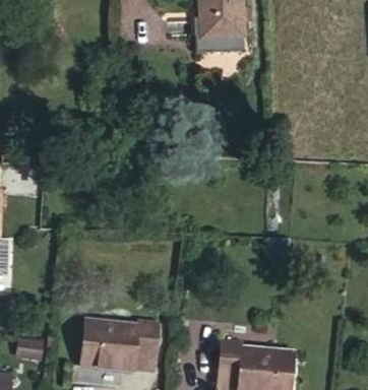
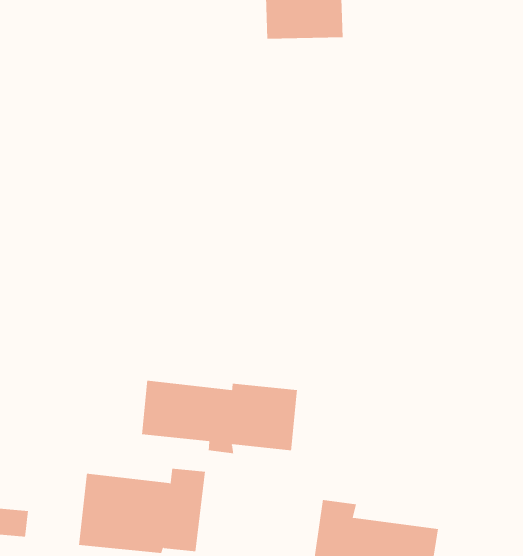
building: none -> [142,380,297,454]

